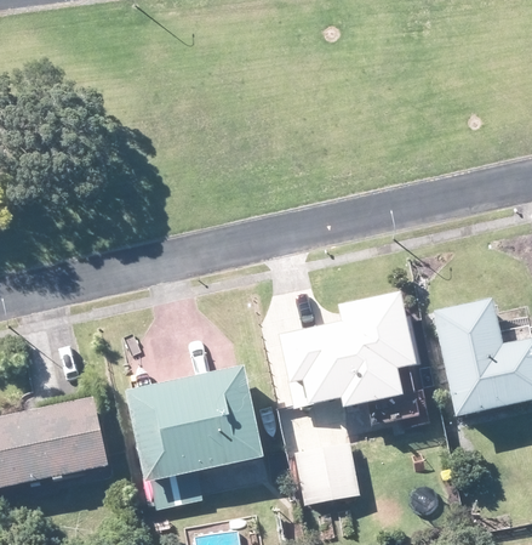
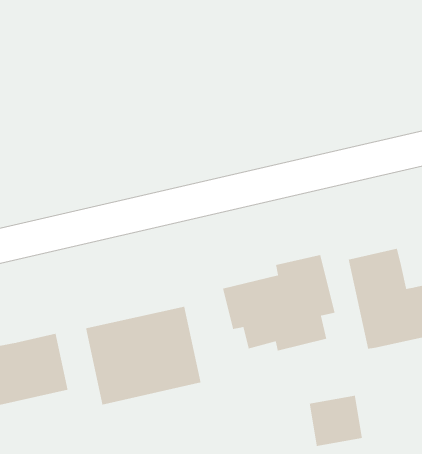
building: [298,442,361,503] -> [309,395,363,447]

